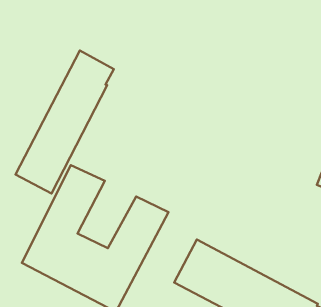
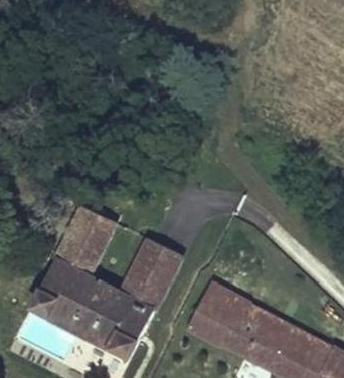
building: [15,51,114,194] -> none

